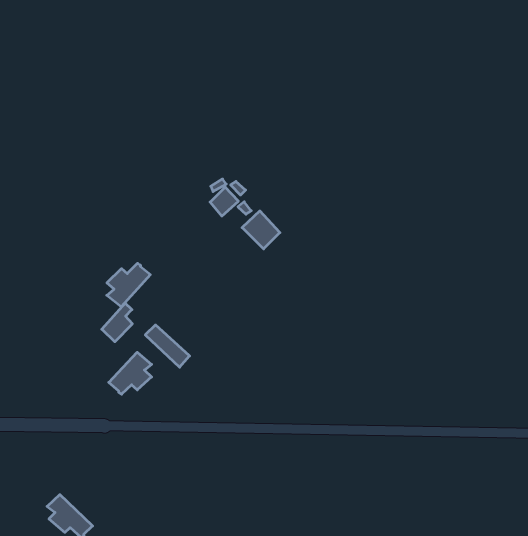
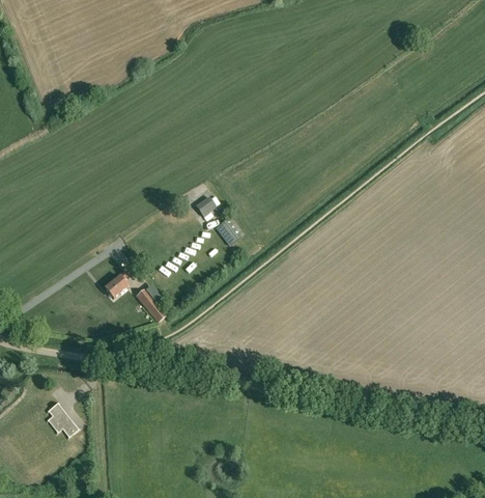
building: [107,263,150,307] -> none
building: [109,352,152,394] -> none

